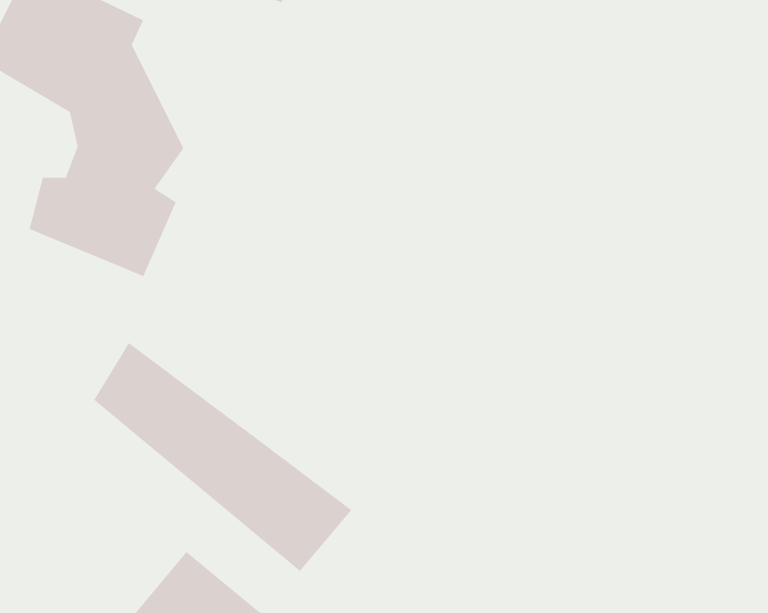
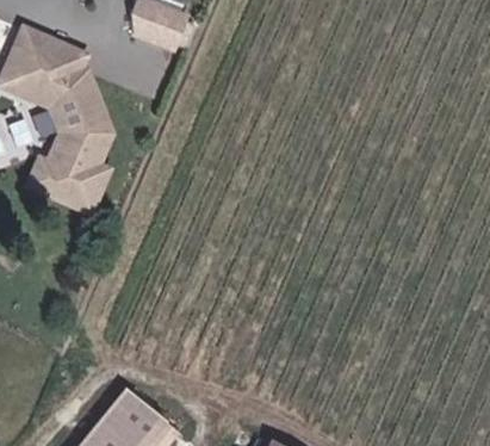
building: [94,342,352,572] -> none

